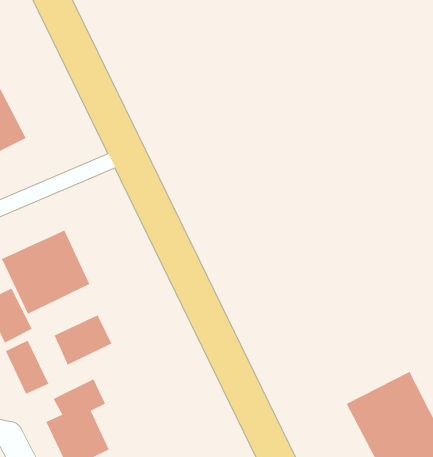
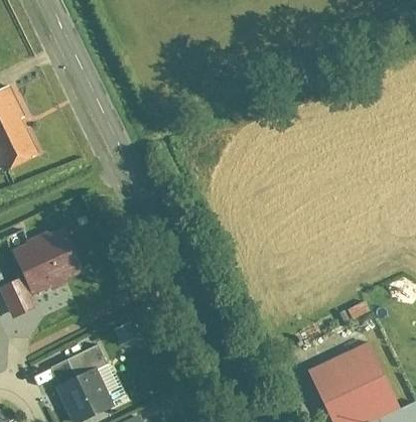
building: [54,315,112,365] -> none
building: [5,340,49,394] -> none

